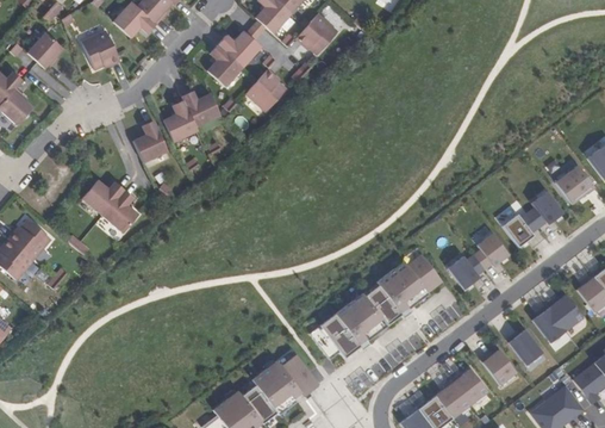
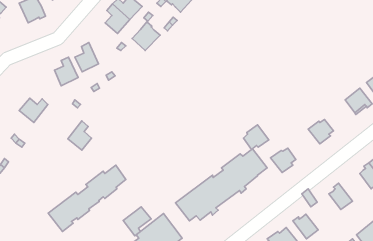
building: [182,91,220,126] -> none
building: [104,190,138,232] -> [68,121,92,150]
building: [526,191,563,228] -> none
building: [473,234,510,269] -> [243,125,269,150]
building: none -> [48,165,126,232]
building: [547,294,582,330] -> none
building: [509,331,545,367] -> none
building: none -> [123,207,151,236]

